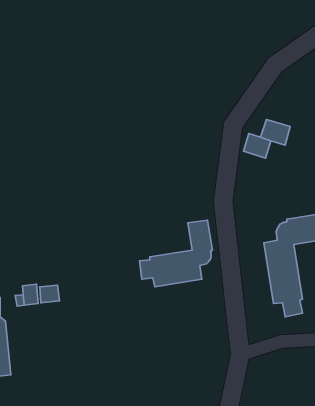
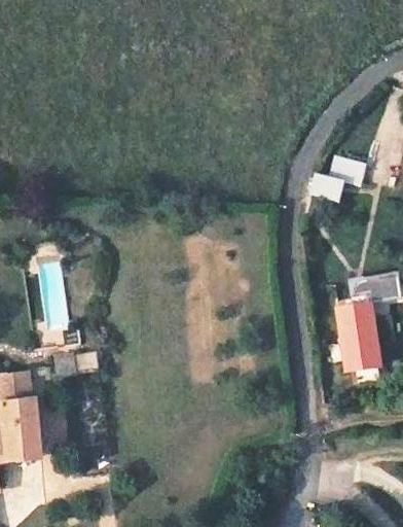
building: [140,220,213,287] -> none

